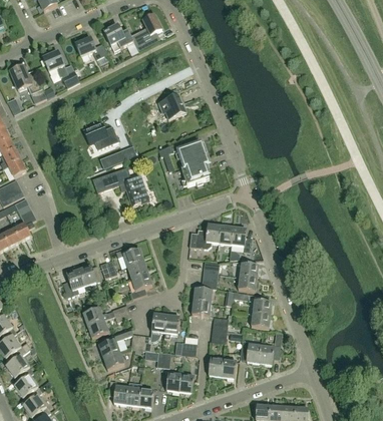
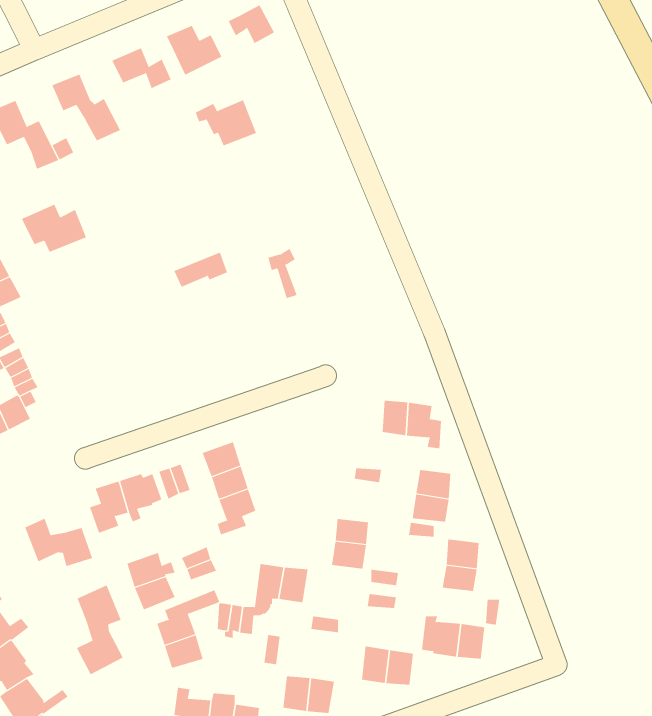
building: [152,93,185,118] -> [195,99,257,146]
building: [83,121,118,147] -> [21,204,87,252]
building: [177,140,209,184] -> none
building: [92,166,148,204] -> none
building: [189,223,220,247] -> none
building: none -> [25,518,93,567]
building: none -> [76,584,123,675]

